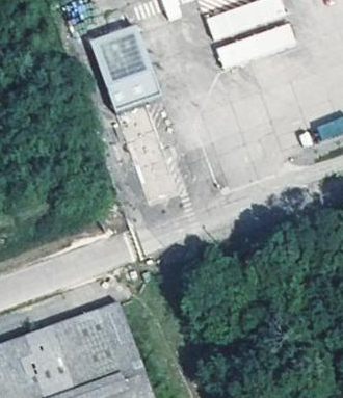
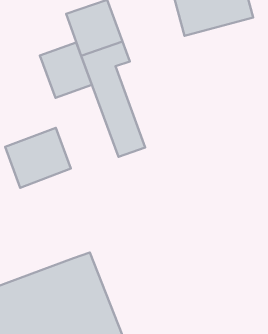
building: none -> [40,42,92,98]
building: none -> [5,128,71,188]

